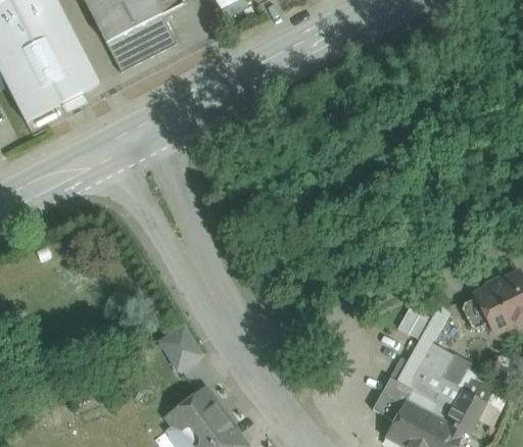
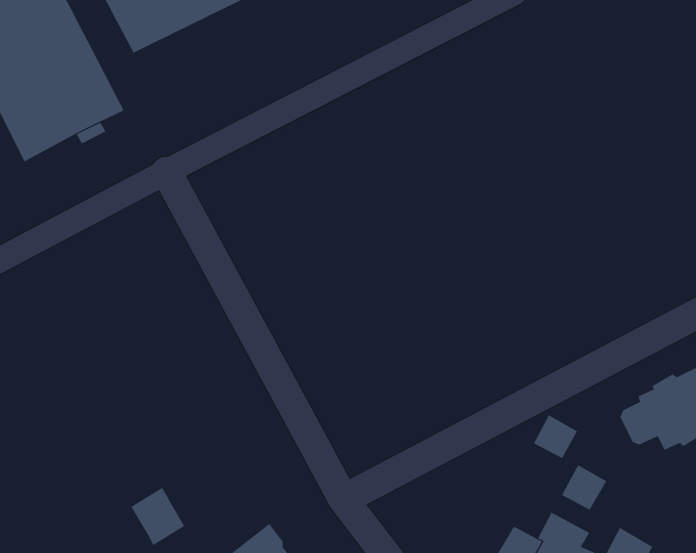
building: [105,14,177,72] -> none
building: [384,303,448,397] -> none
building: [160,327,200,369] -> [131,487,185,546]
building: [440,355,474,389] -> none

